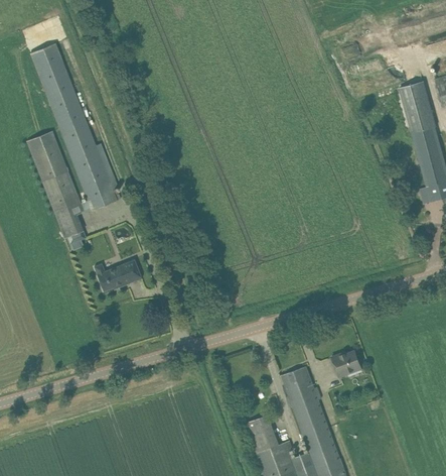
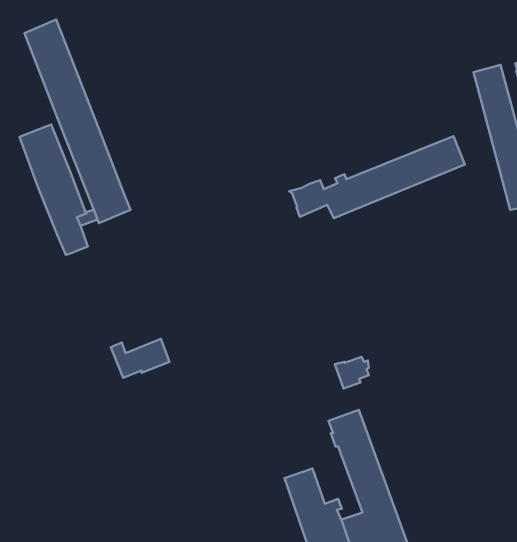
building: none -> [289,136,465,218]
building: [93,259,141,291] -> [111,339,169,378]
building: [332,351,360,377] -> [335,357,369,389]

